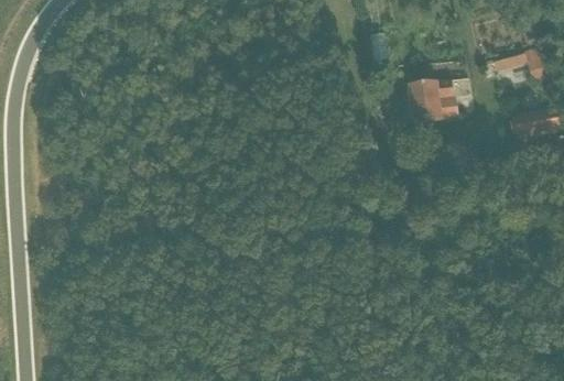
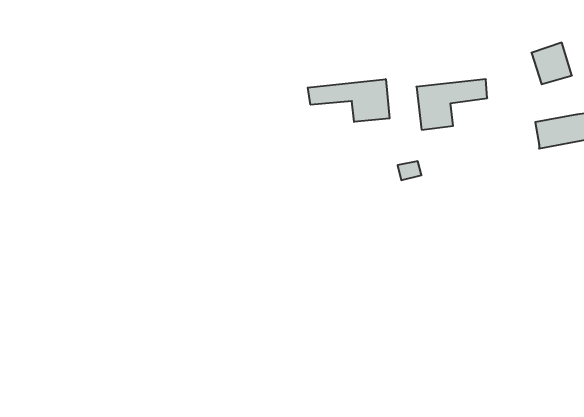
building: none -> [308,79,390,122]

